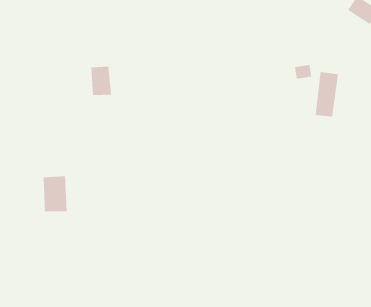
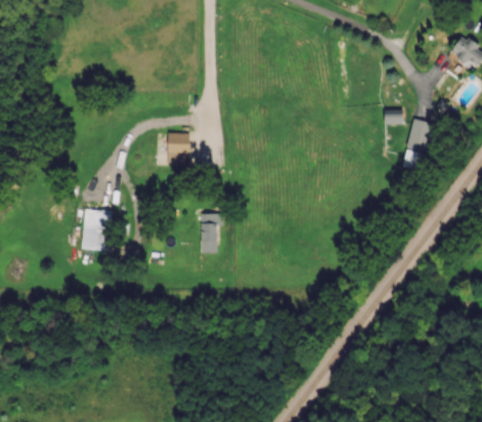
building: [90,66,112,96] -> [166,132,188,166]
building: none -> [200,213,222,253]

